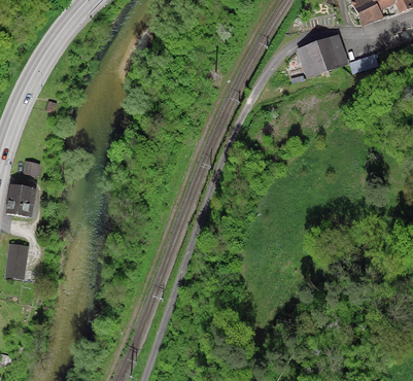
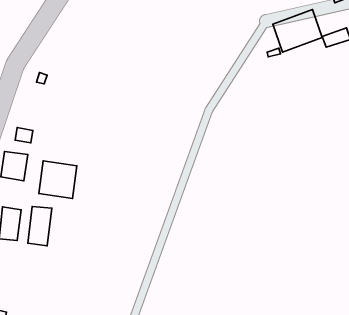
building: none -> [39,161,77,198]
building: none -> [28,206,52,246]

